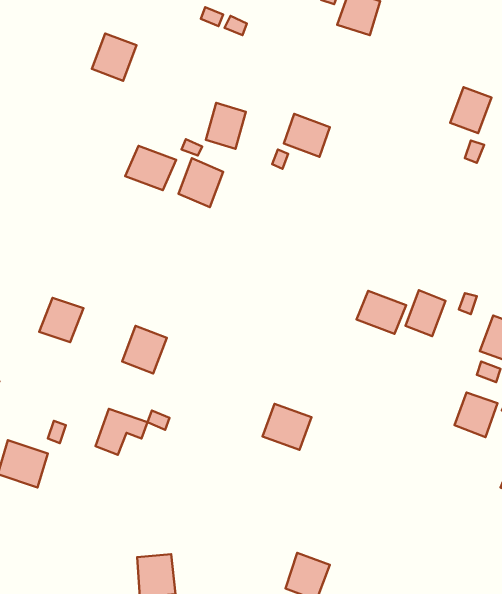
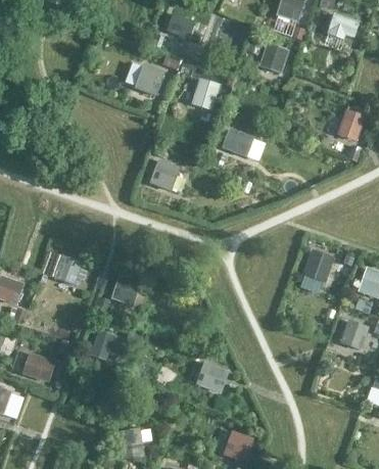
building: [92,33,136,81] -> [133,62,163,95]
building: [206,103,246,149] -> [190,77,218,108]
building: [125,146,176,190] -> none
building: [357,291,406,334] -> none
building: [262,404,311,450] -> [194,361,228,392]

